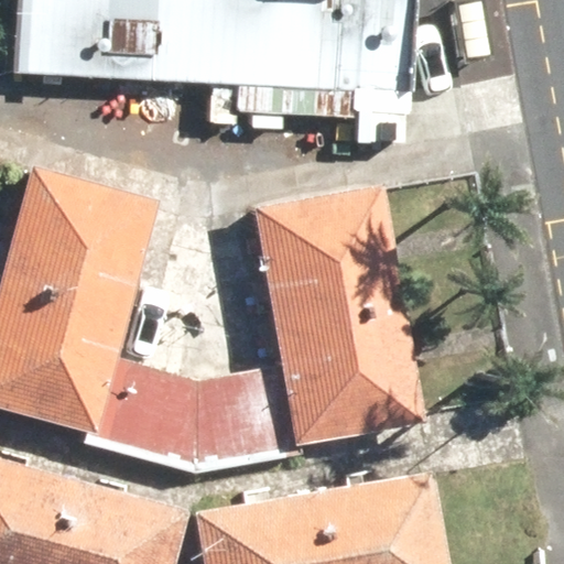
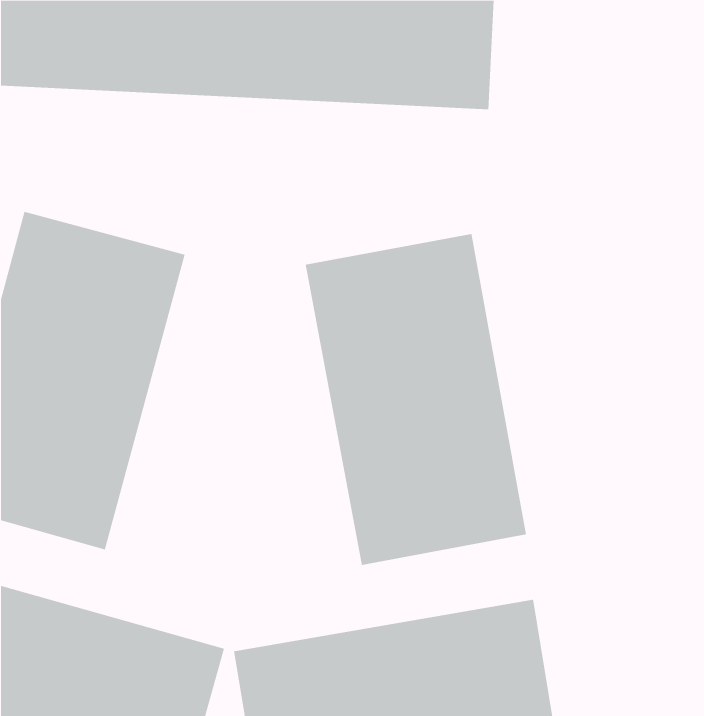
building: [94,360,288,470] -> none

